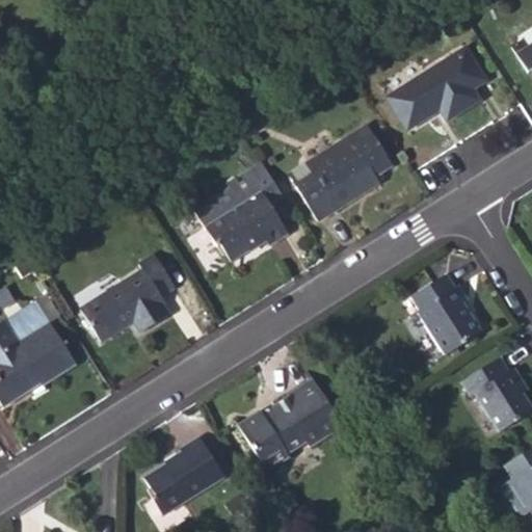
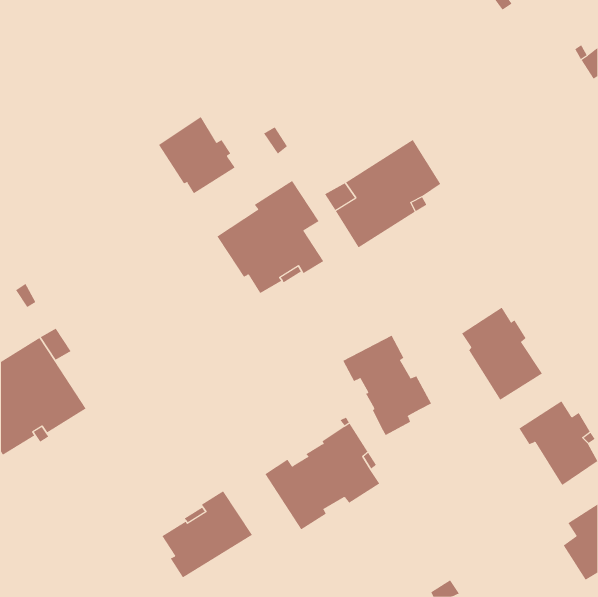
building: [387,47,484,130] -> none
building: none -> [158,116,235,194]
building: [79,252,176,341] -> none
building: none -> [343,335,432,436]

